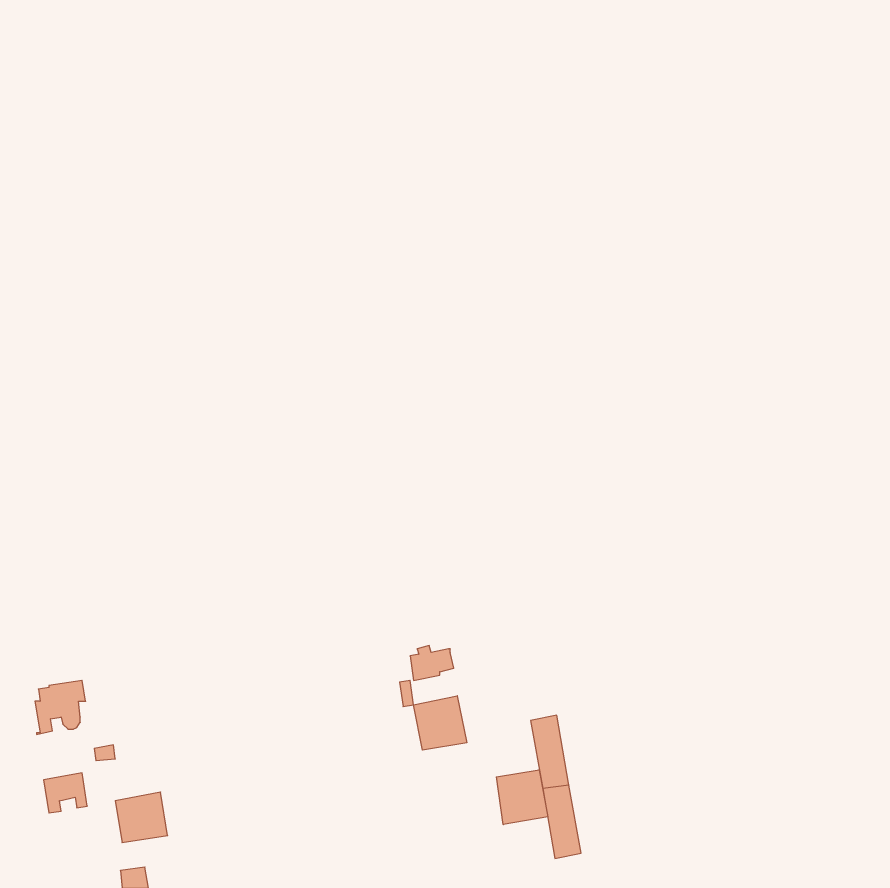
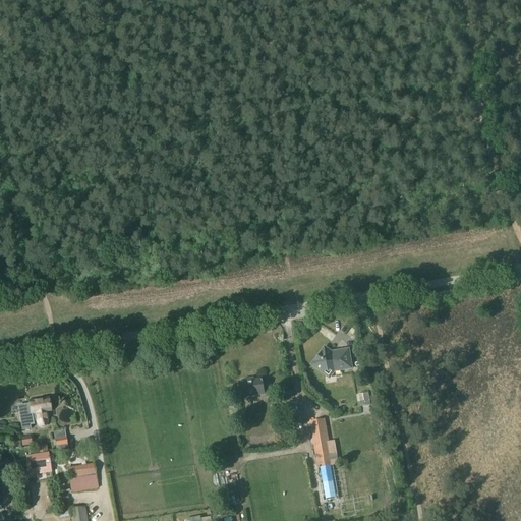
building: none -> [313,347,352,370]
building: [414,696,467,750] -> none
building: [496,770,548,825] -> none

